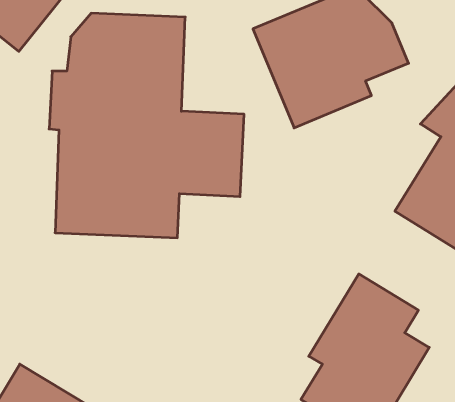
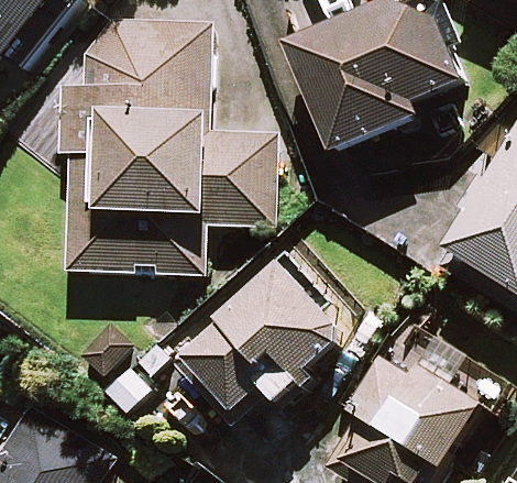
building: none -> [172,257,345,425]

